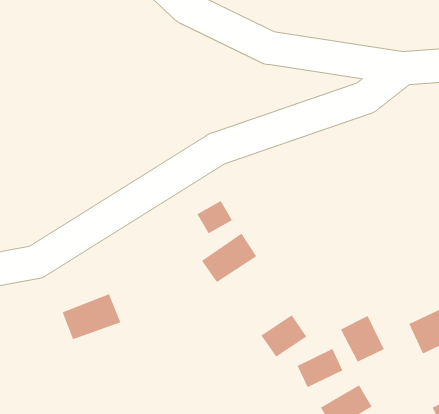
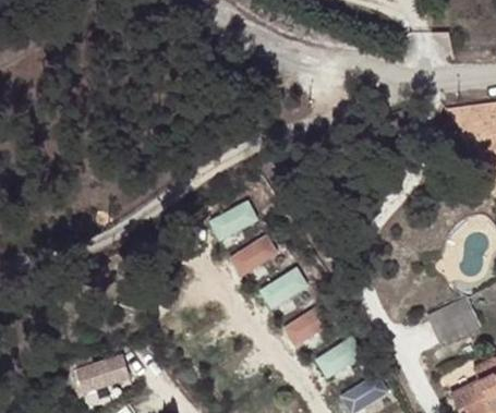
building: none -> [262,267,311,307]
building: [62,293,121,340] -> [78,350,134,393]
building: [340,315,385,363] -> none

